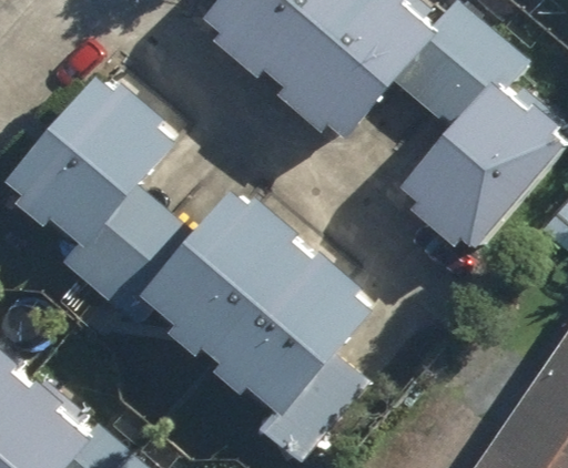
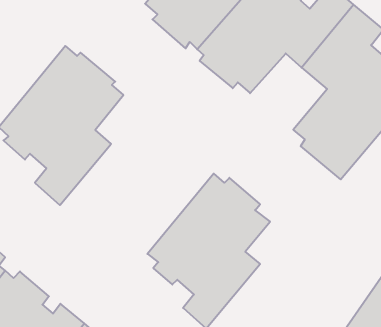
building: [95,196,301,358] -> none

